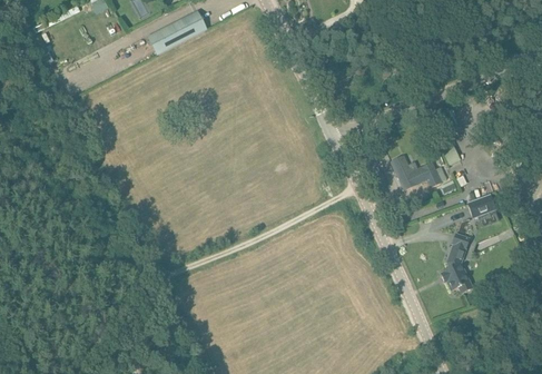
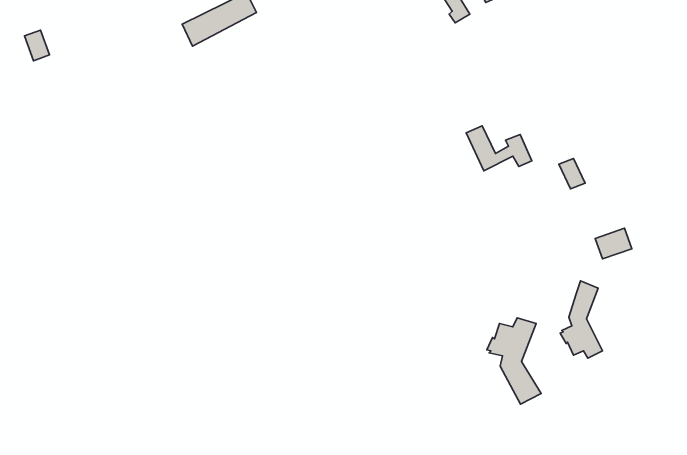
building: [390,155,440,189] -> [466,126,532,171]
building: none -> [487,318,541,404]

